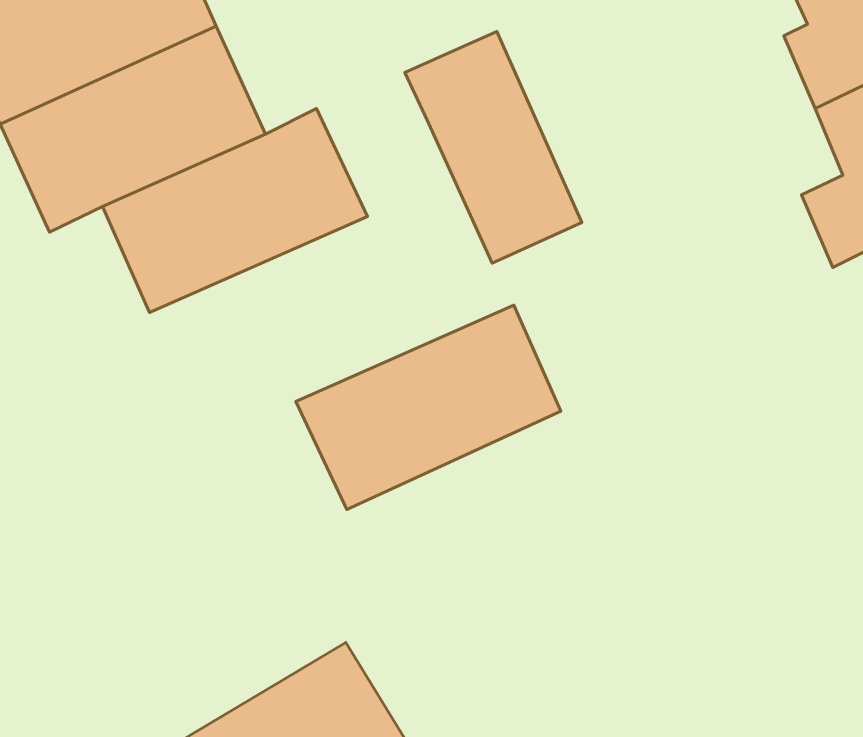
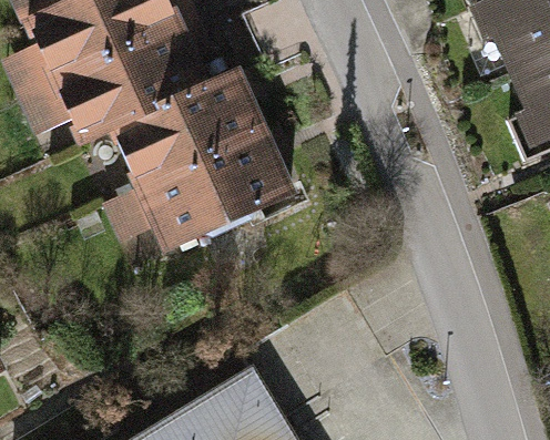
building: [405,31,582,263] -> none
building: [296,305,561,509] -> [140,133,289,248]

